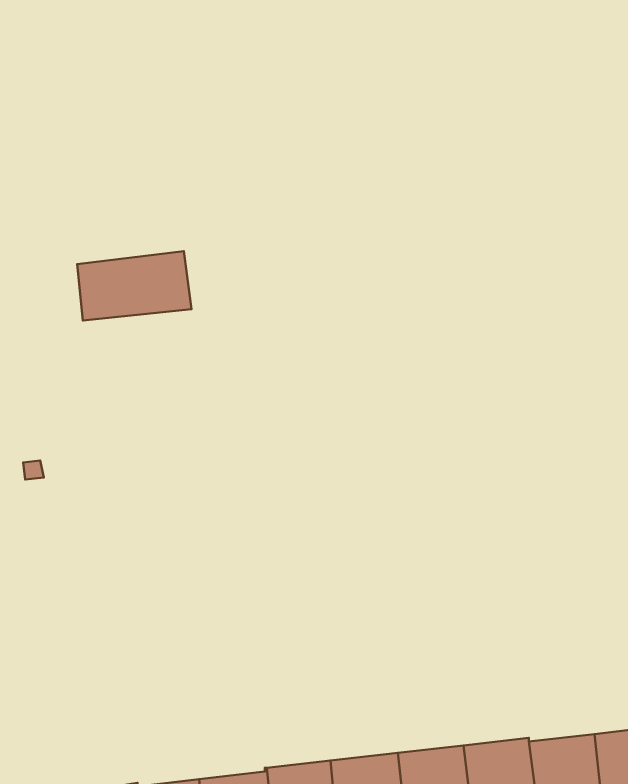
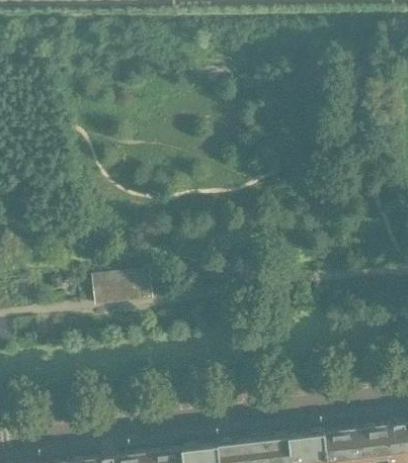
building: [77,251,191,320] -> [92,271,154,308]

